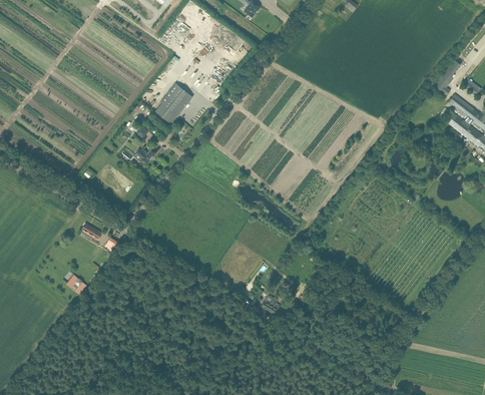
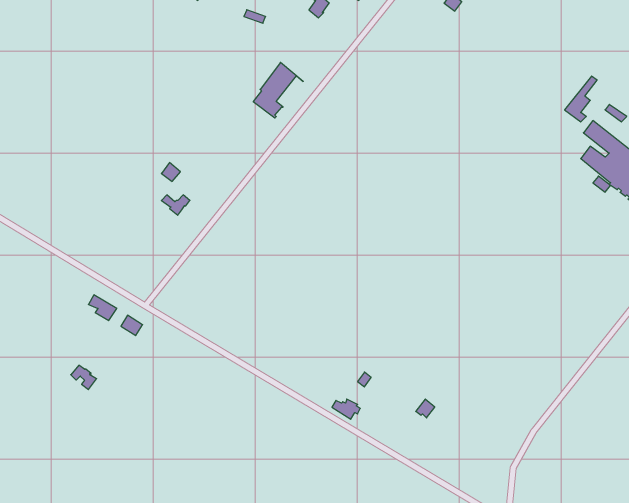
building: [155,82,192,123] -> [253,62,303,118]

